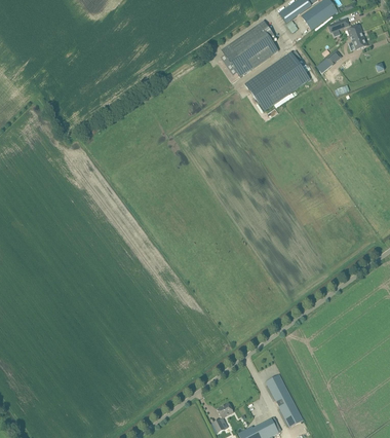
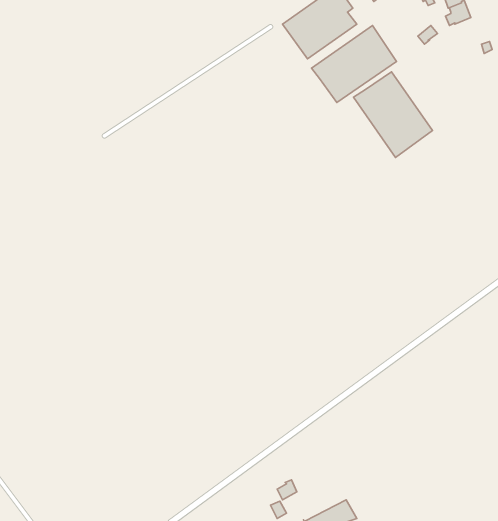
building: none -> [354,72,433,157]
building: [266,374,303,427] -> none

